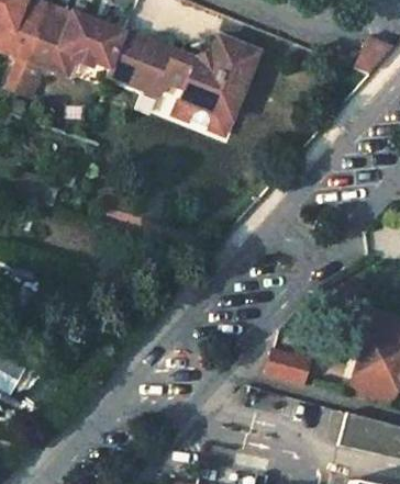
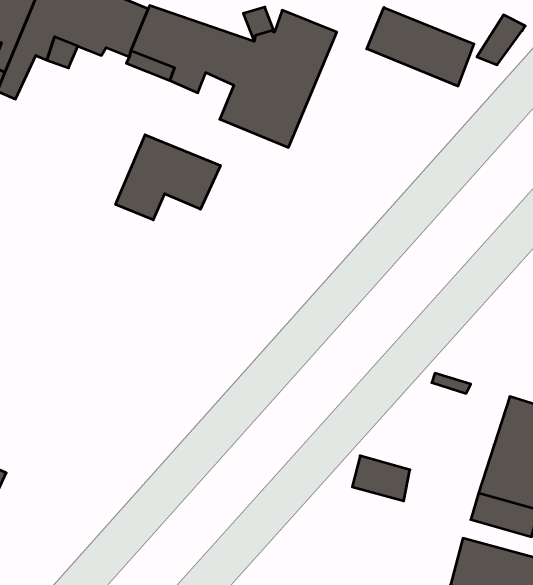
building: none -> [367,7,474,86]
building: none -> [116,135,220,220]

